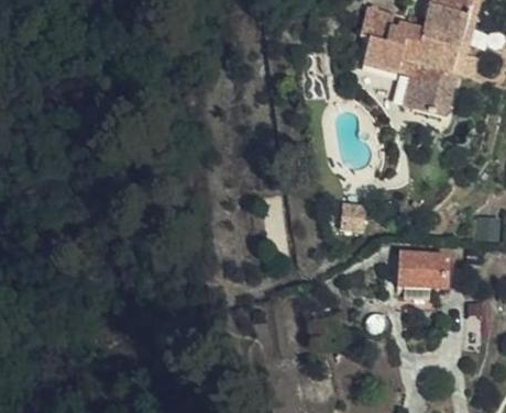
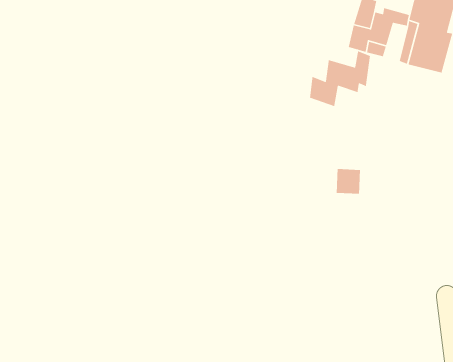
building: none -> [309,50,371,107]
building: [399,252,448,287] -> none

